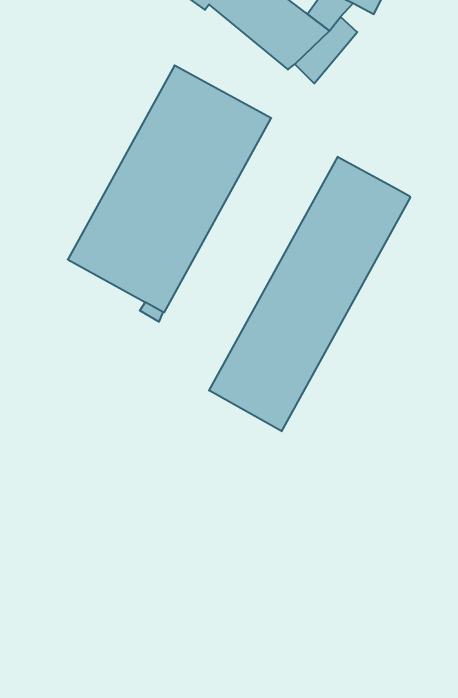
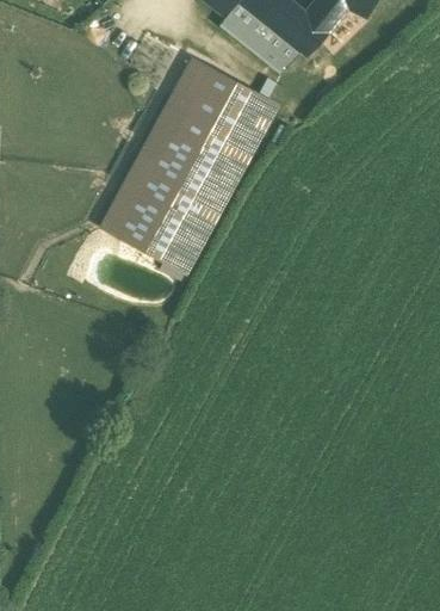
building: [209,157,410,431] -> none

